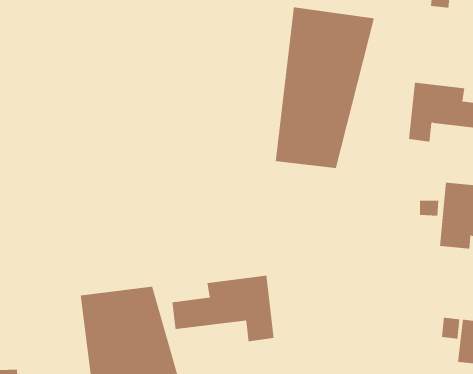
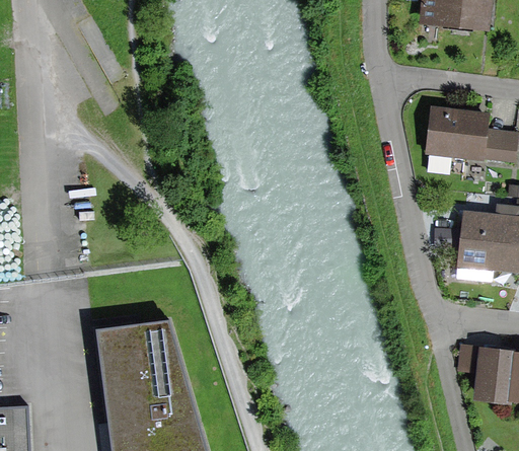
building: [275,6,375,169] -> none
building: [172,275,274,342] -> none

